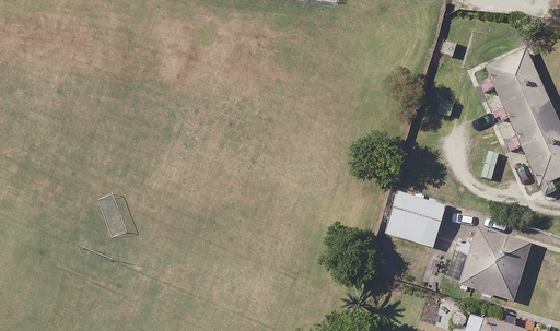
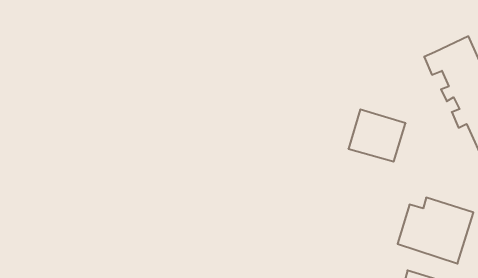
building: [384,190,447,248] -> [348,109,406,162]

